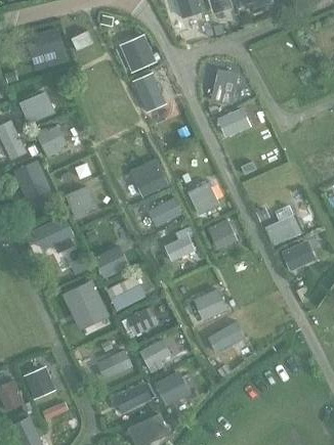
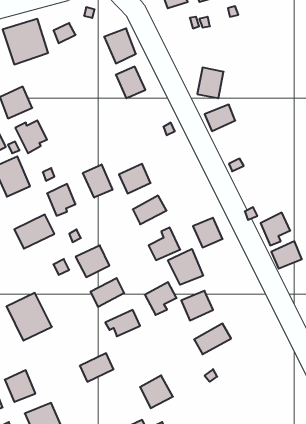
building: none -> [83,164,112,198]
building: [187,182,218,214] -> none
building: none -> [168,249,203,285]
building: [64,284,108,330] -> [6,293,52,341]
building: [140,340,171,371] -> [145,282,177,315]
building: [114,383,151,412] -> none

